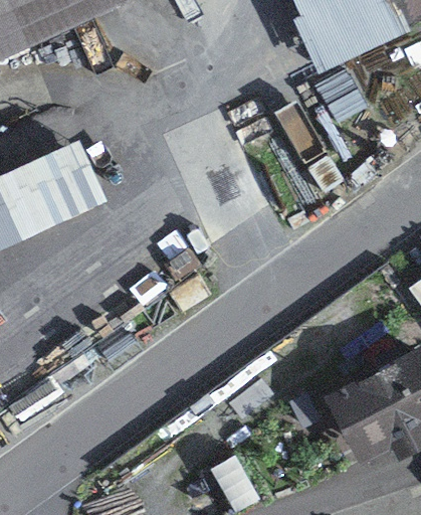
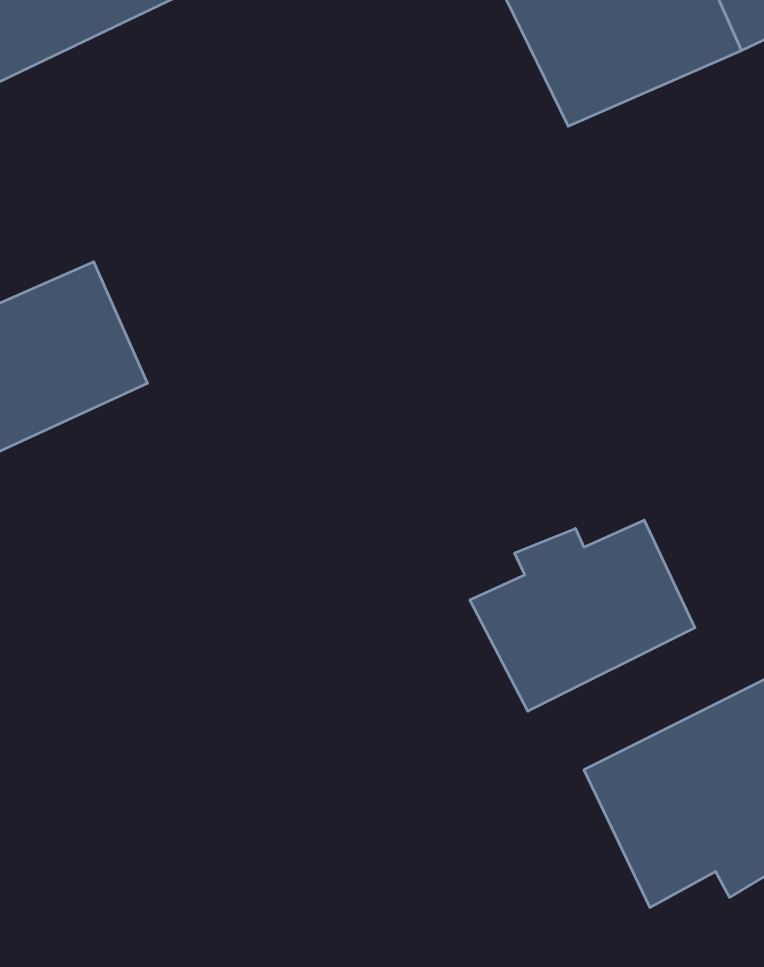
building: none -> [470,520,695,711]

